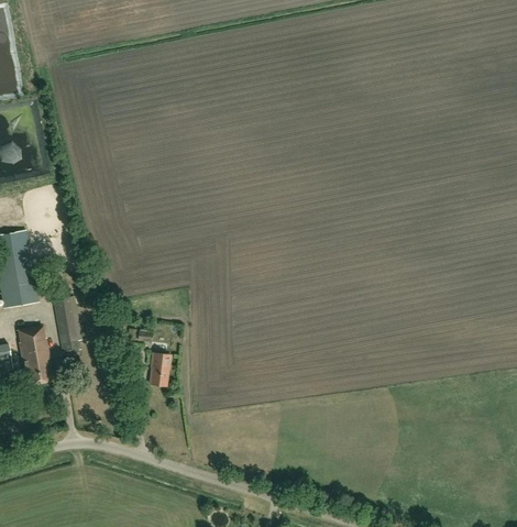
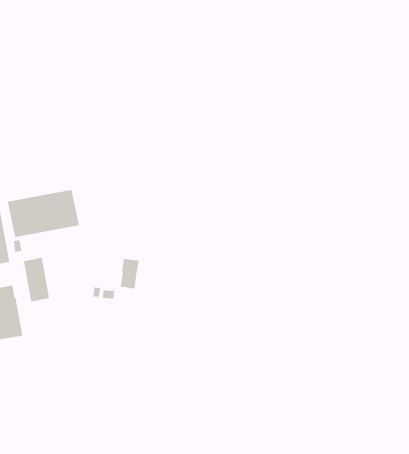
building: none -> [7,189,79,238]
building: [150,353,170,386] -> [120,258,139,289]

